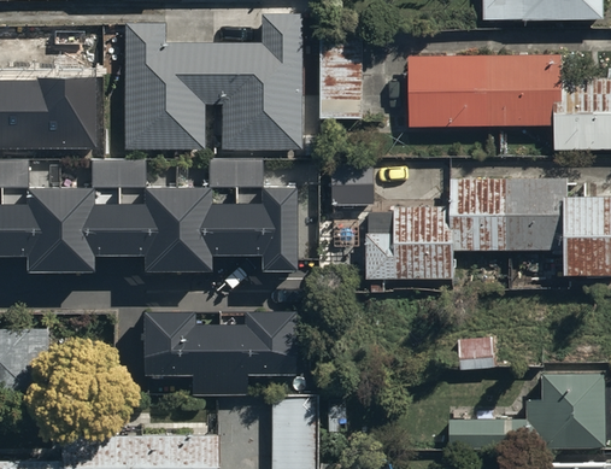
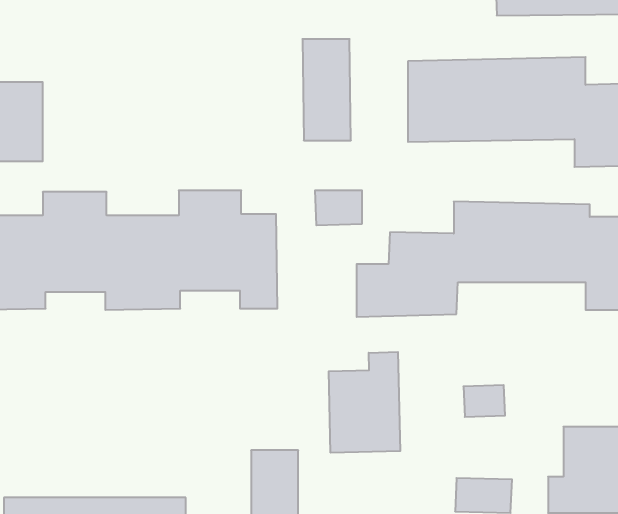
building: [125,20,299,146] -> none
building: [140,309,293,403] -> none
building: none -> [329,352,400,453]

